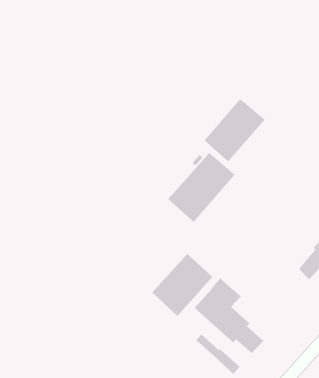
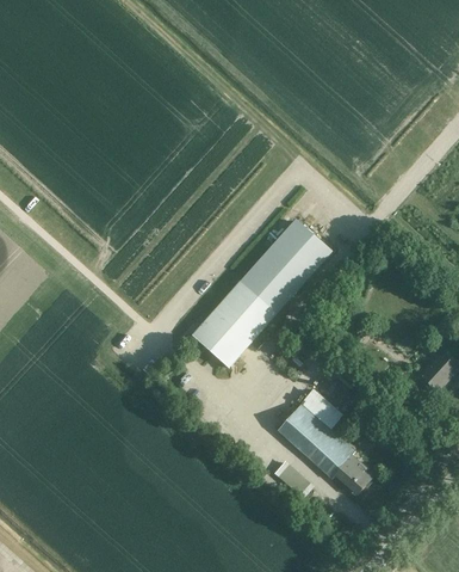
building: [204,98,265,162] -> none
building: [151,253,213,317] -> [192,282,277,369]

